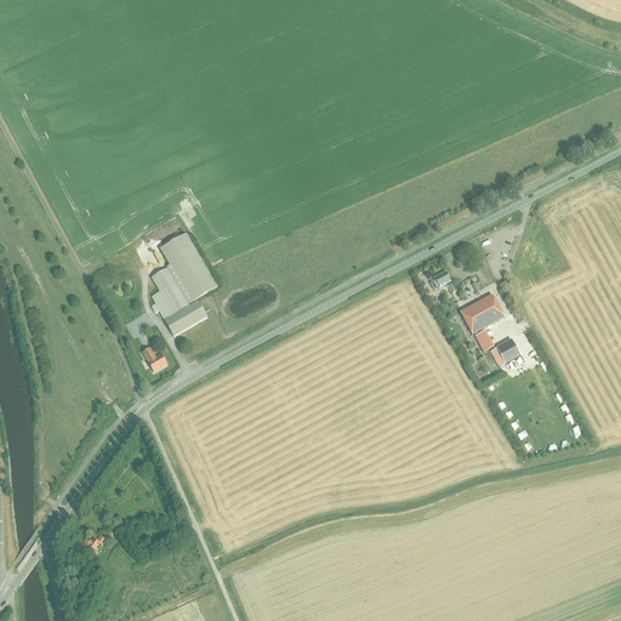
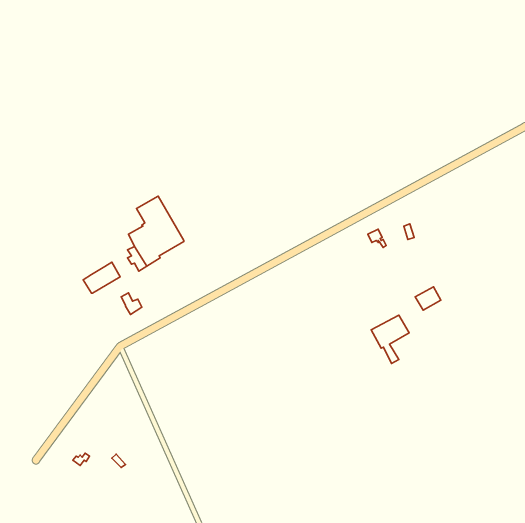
building: [460,295,505,352] -> [371,315,409,364]
building: [164,300,207,336] -> [83,262,120,293]

